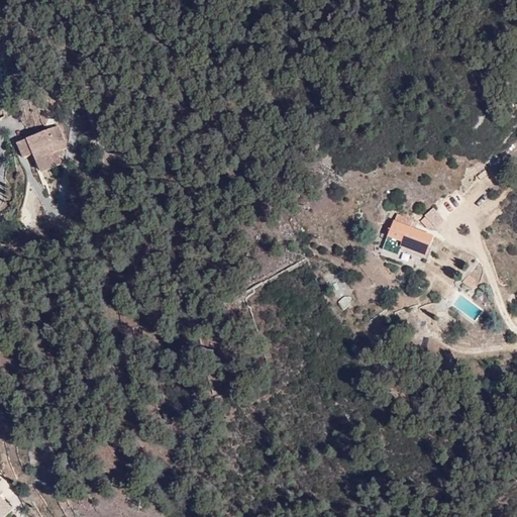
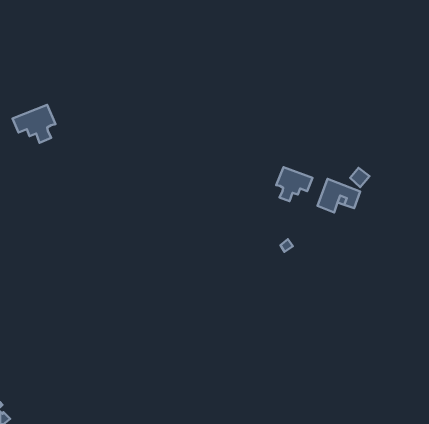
building: none -> [276,167,312,201]

